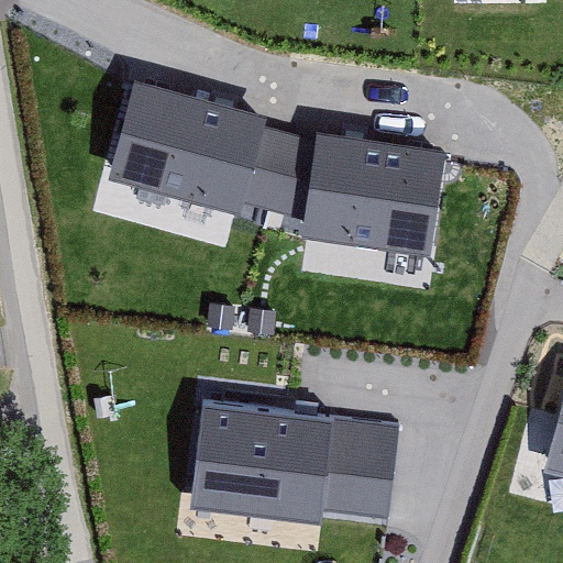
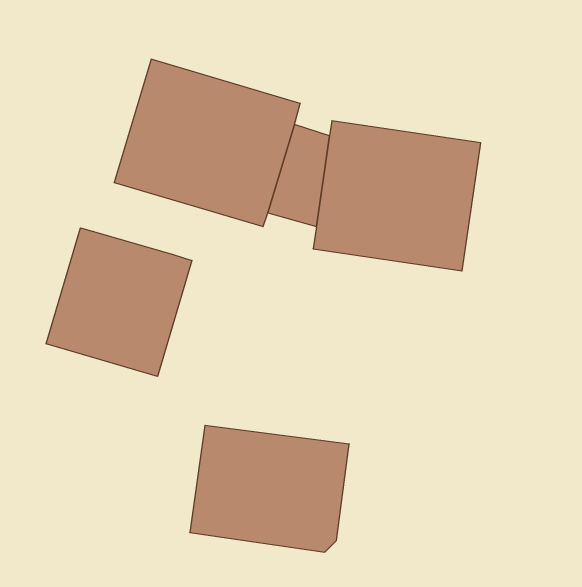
building: none -> [46,228,192,376]
building: [318,427,385,526] -> none

